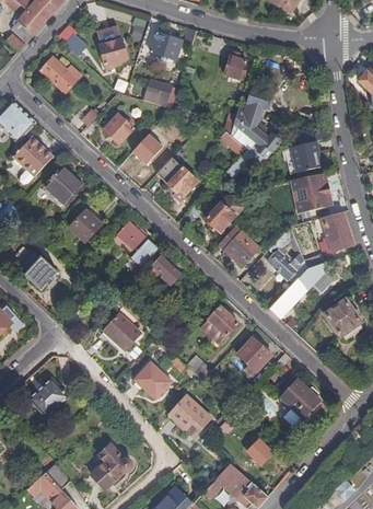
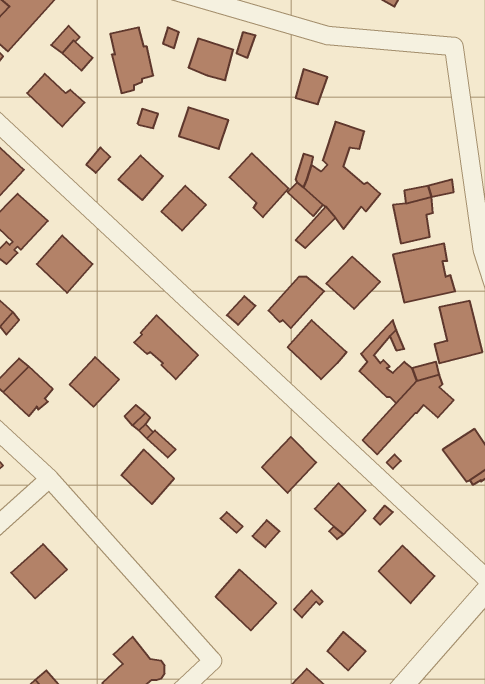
building: [156,157,197,200] -> [229,153,289,217]
building: none -> [326,257,380,309]
building: [69,209,103,243] -> [70,357,119,407]
building: [147,257,180,286] -> none
building: [135,363,172,401] -> none

